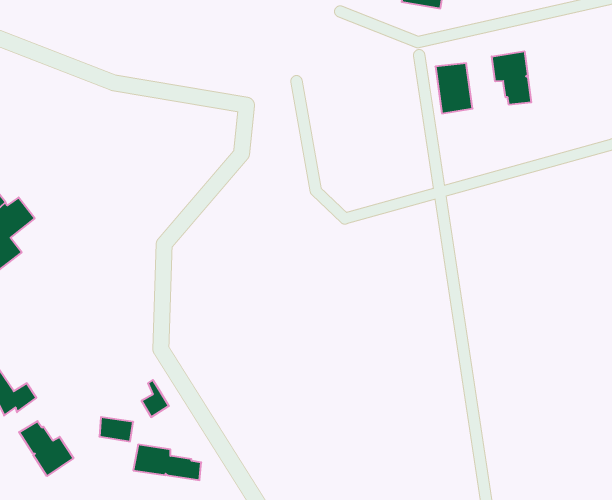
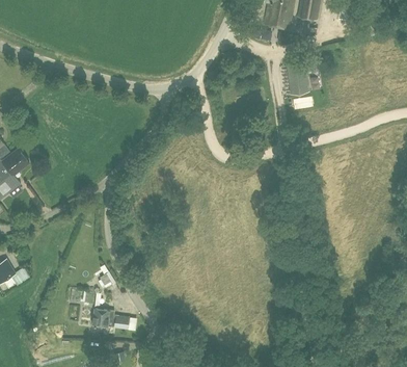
building: [492,51,531,105] -> none
building: [19,421,73,476] -> none

